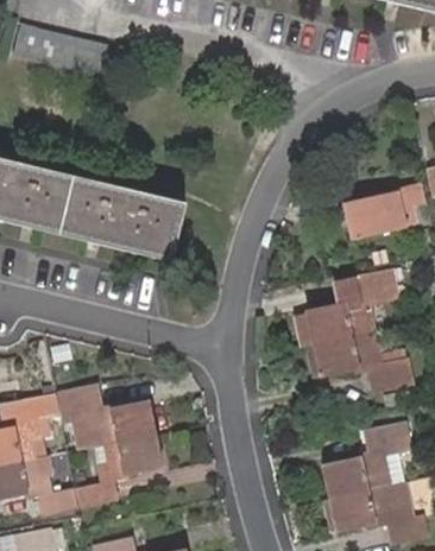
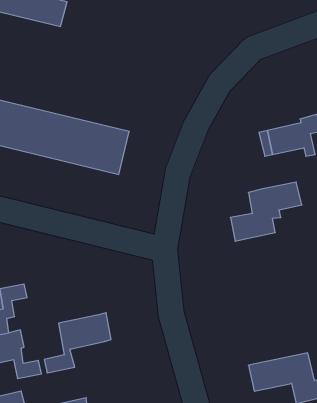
building: [327,329,412,392] -> none
building: [61,386,156,448] -> none
building: [326,422,410,496] -> none

